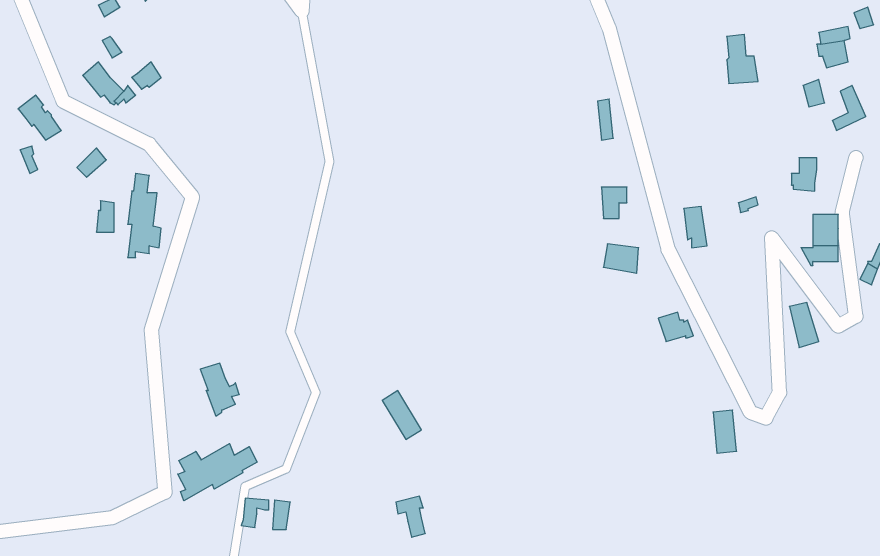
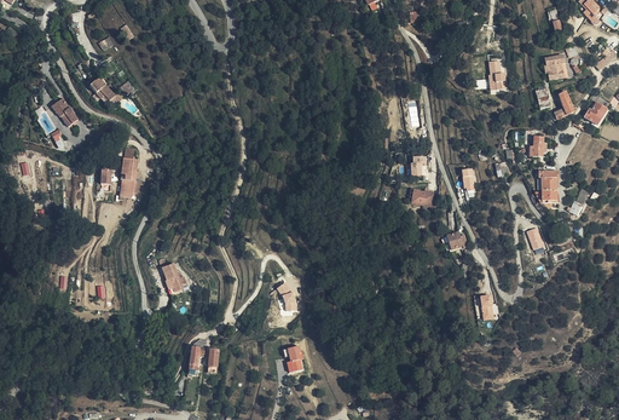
building: [178,444,257,501] -> none

